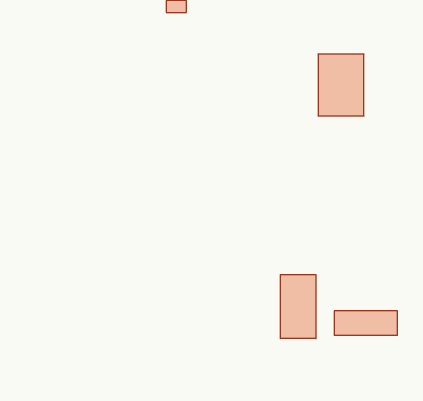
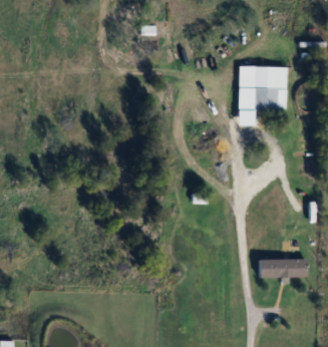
building: [280,275,316,339] -> none

